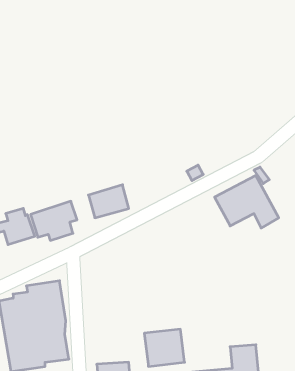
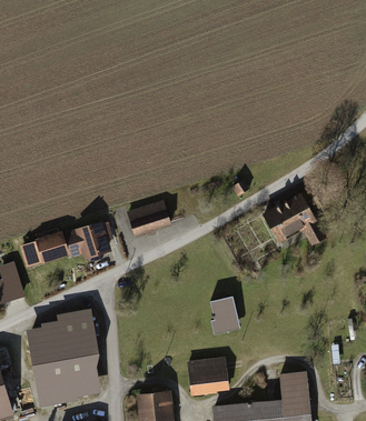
building: none -> [208,298,237,324]

